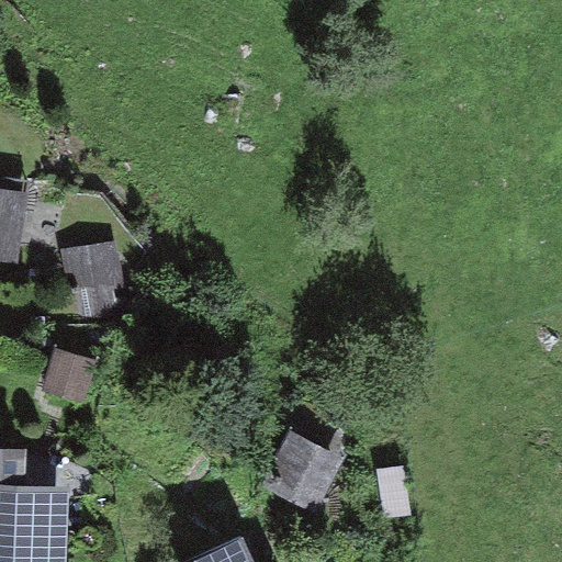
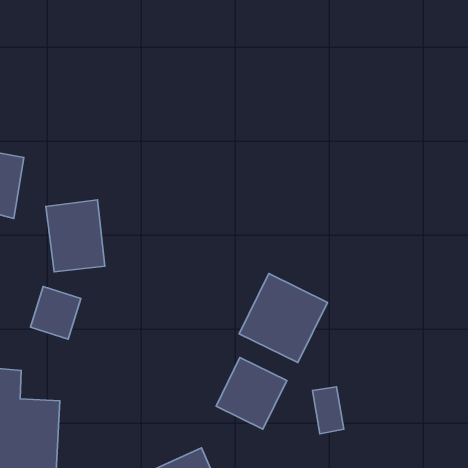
building: none -> [239,274,327,363]

